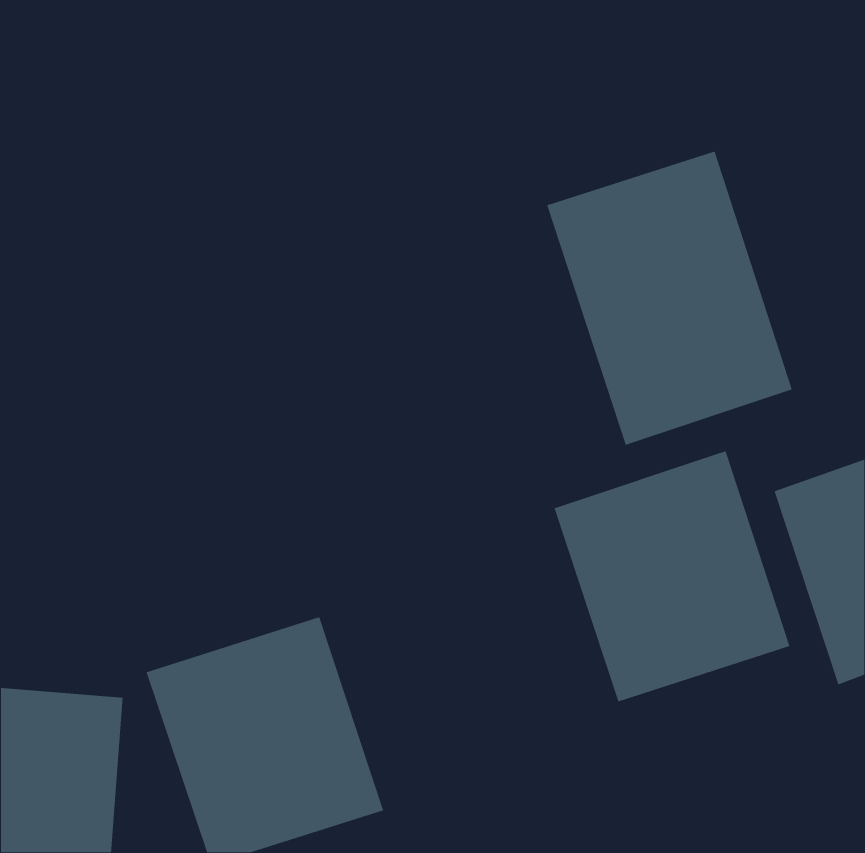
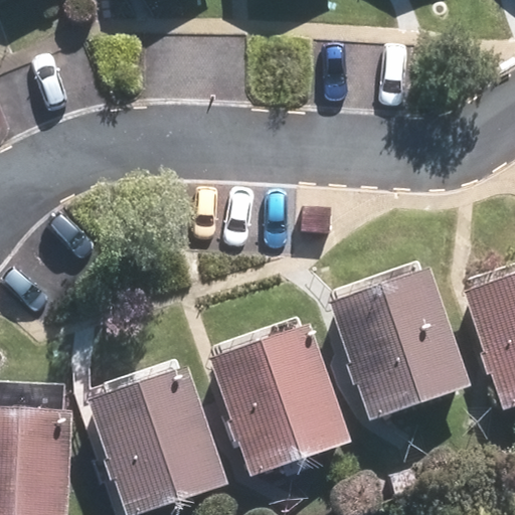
building: [546,151,793,446] -> none
building: none -> [208,326,349,476]

